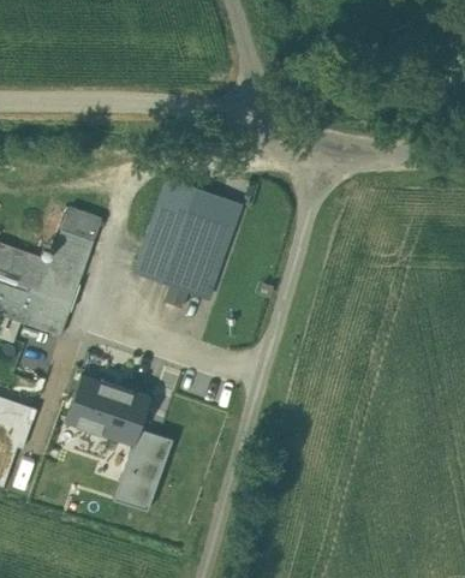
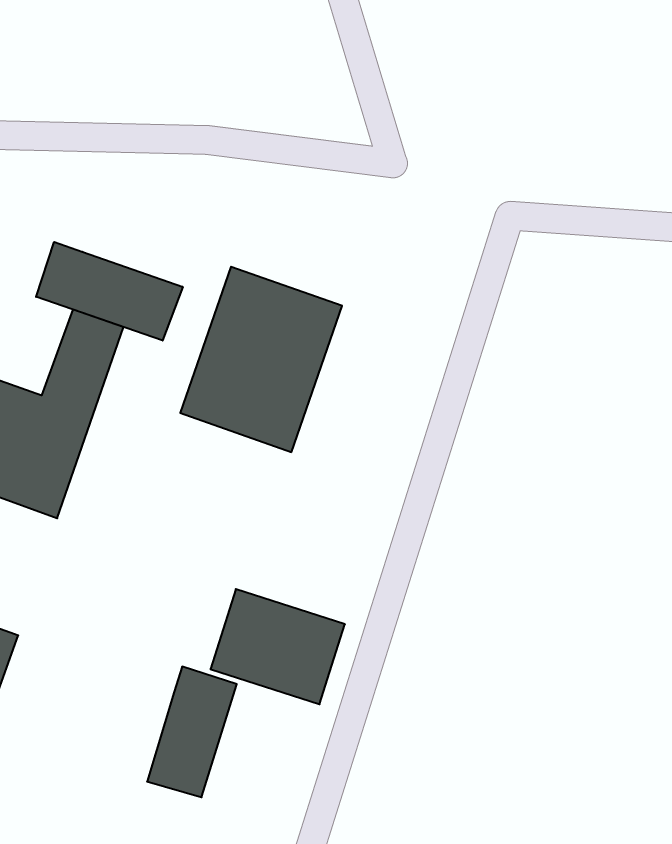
building: none -> [36,242,183,341]
building: [66,373,149,443] -> [210,589,345,704]

